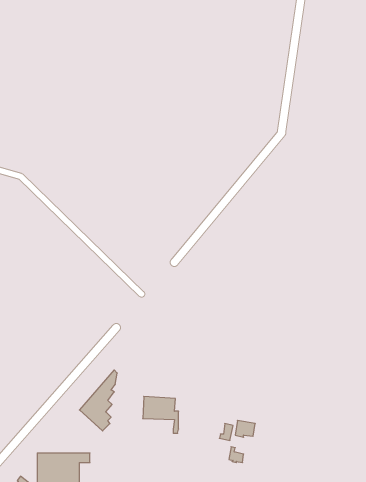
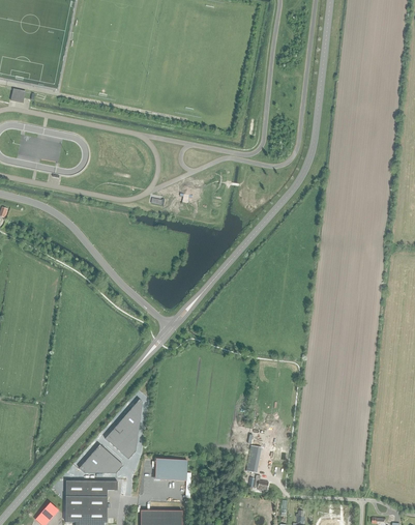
building: [143,396,179,433] -> [154,458,189,494]
building: none -> [79,444,123,473]

